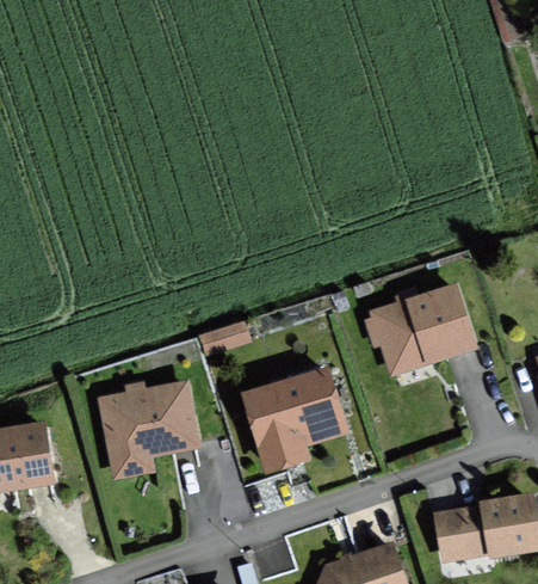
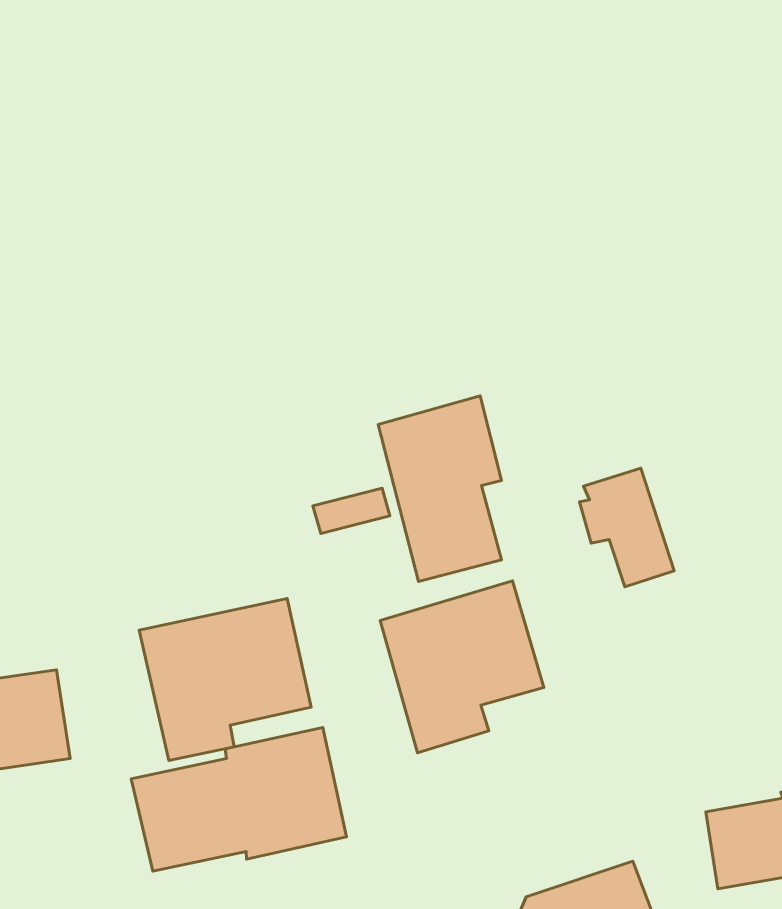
building: none -> [378,396,502,582]
building: [398,285,476,365] -> none
building: none -> [131,727,346,871]

